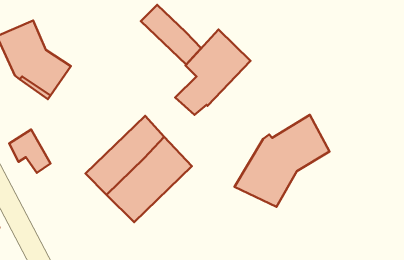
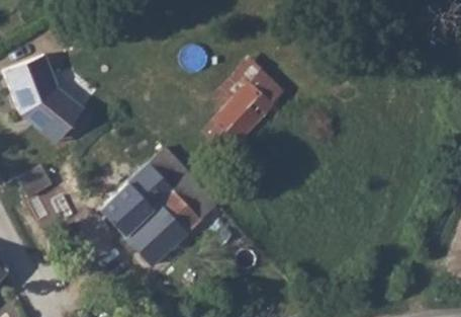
building: [141,5,201,65] -> none
building: [234,115,330,207] -> none

